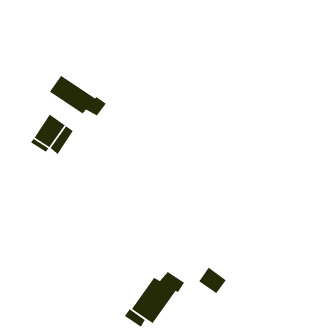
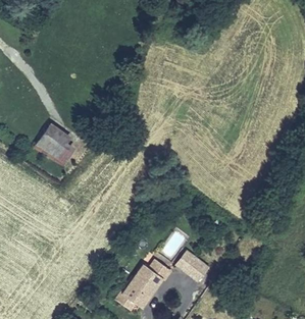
building: [49,75,107,117] -> none

